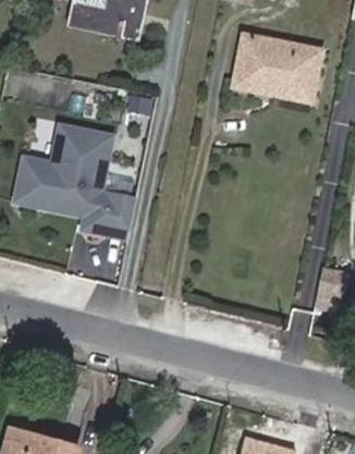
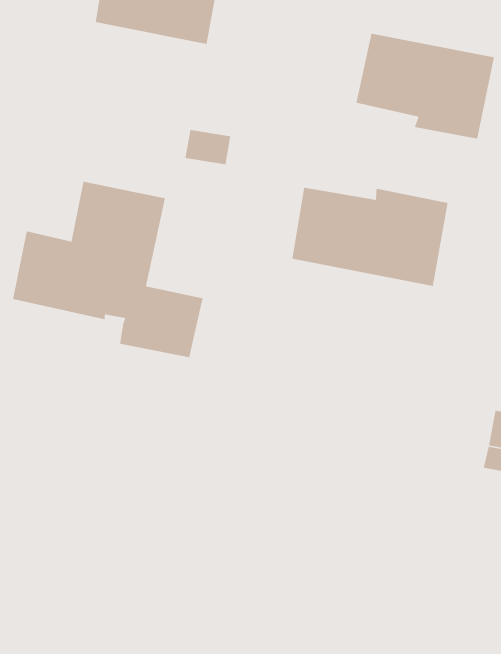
building: none -> [292,187,449,287]

